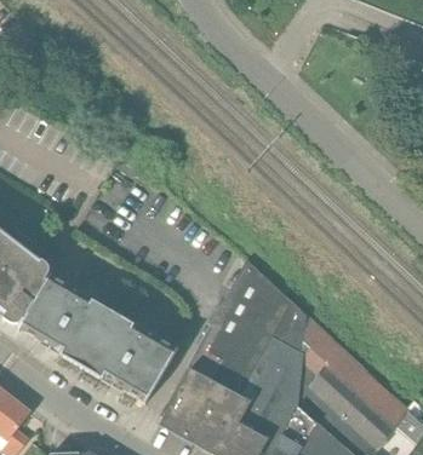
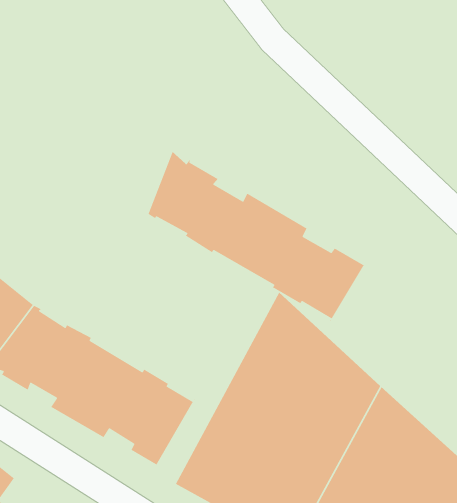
building: none -> [147,151,366,322]

